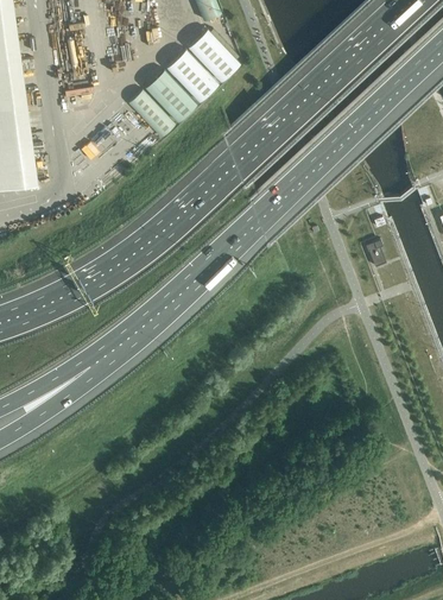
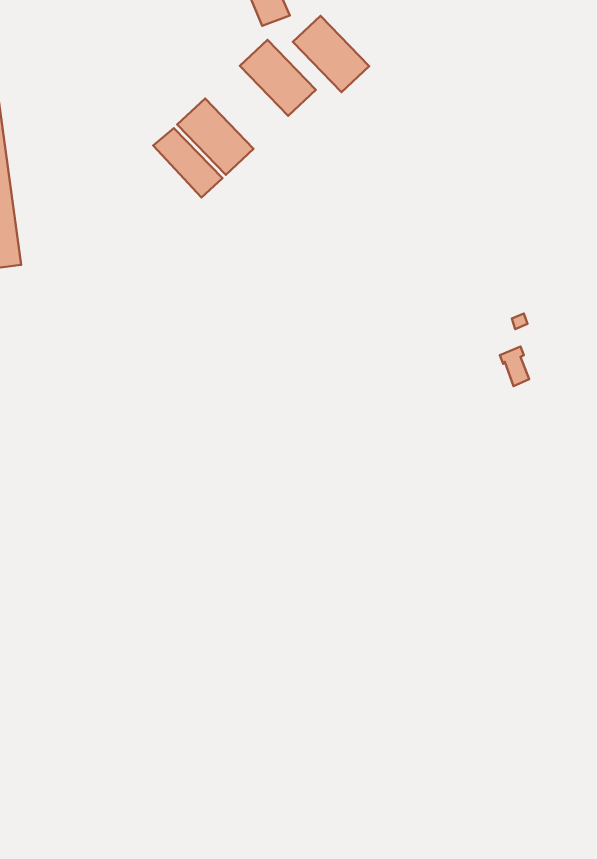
building: [165,51,217,103] -> [293,16,369,92]

